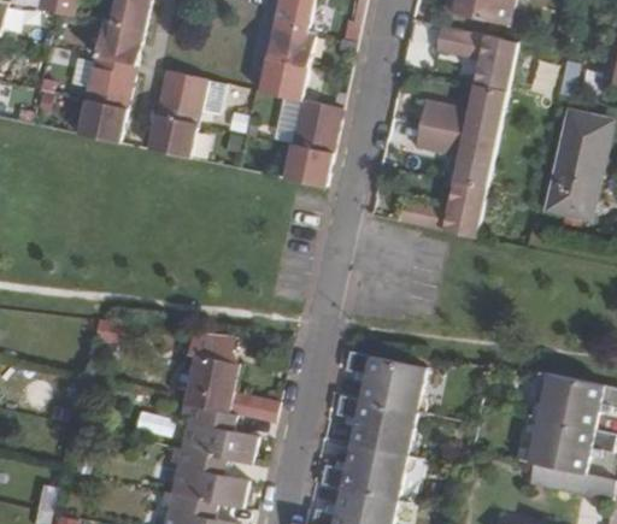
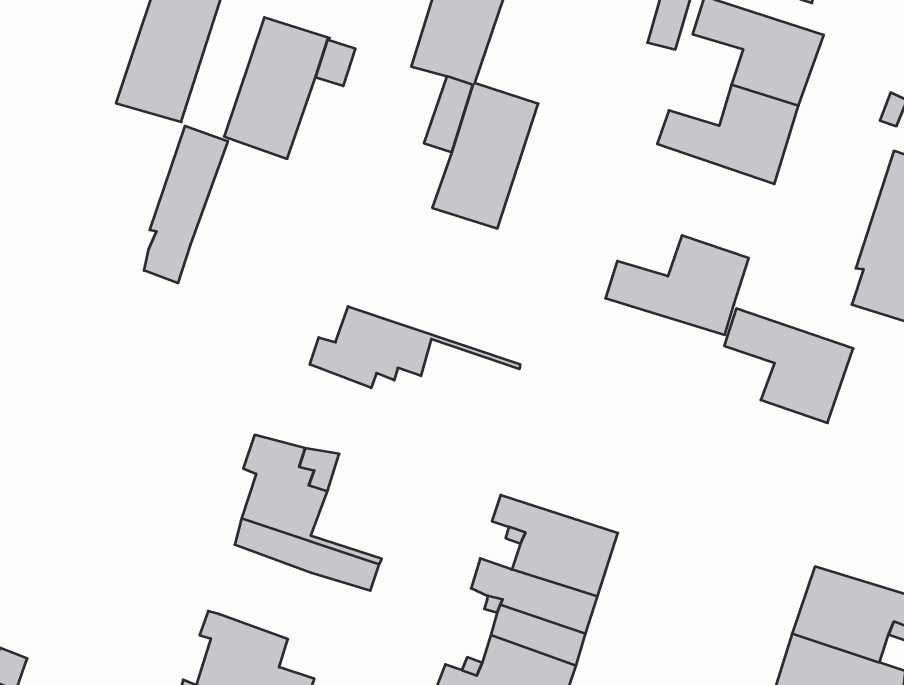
building: [416,123,496,188] -> [724,309,853,423]
building: none -> [144,126,228,283]
building: none -> [310,306,520,388]
building: [178,402,255,463] -> none

